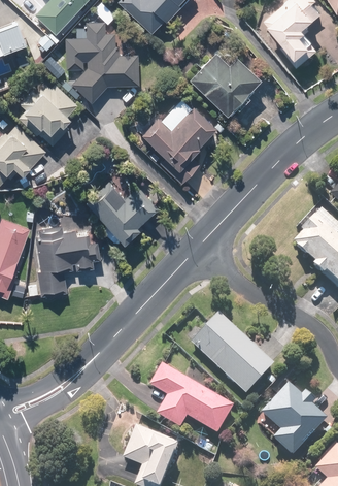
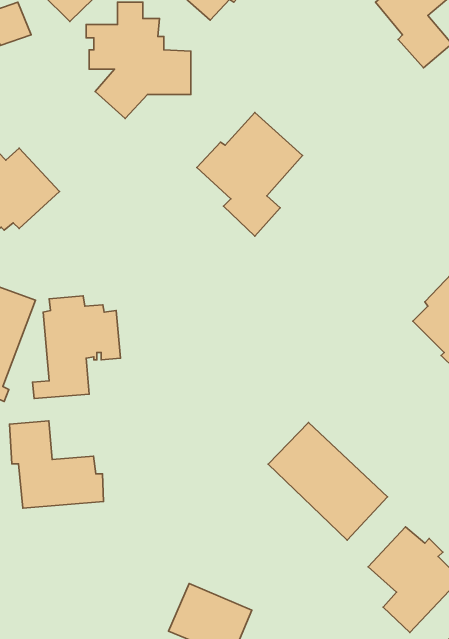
building: [190,52,260,115] -> none
building: [20,83,78,144] -> none
building: [86,182,155,245] -> none
building: none -> [10,421,103,508]
building: [149,362,234,432] -> none

